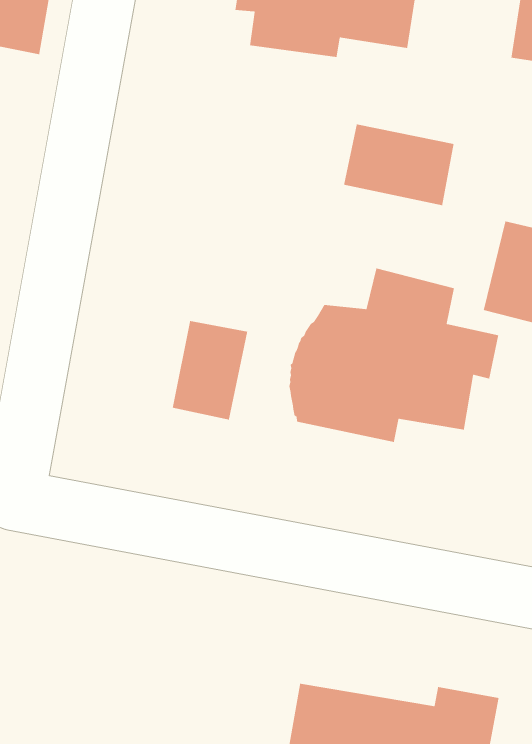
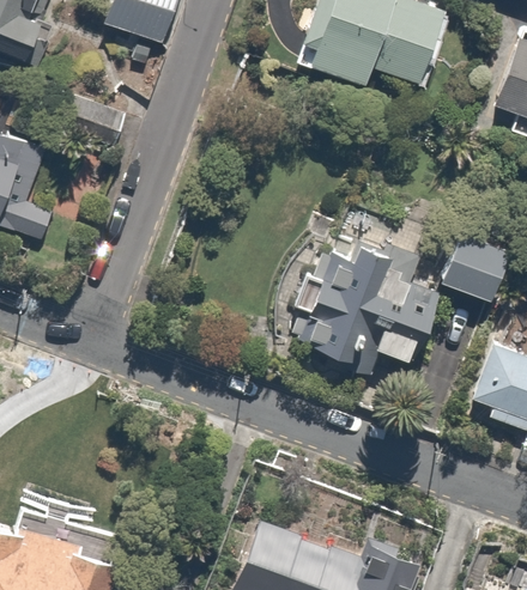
building: [343,123,454,206] -> none
building: [172,320,248,420] -> none

